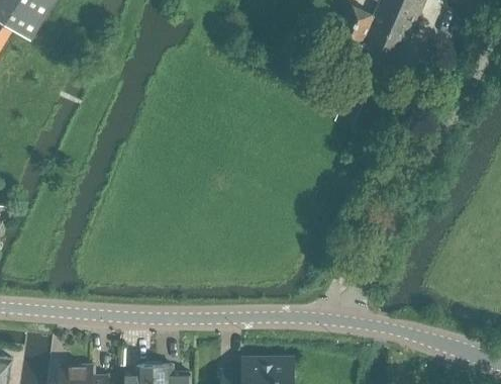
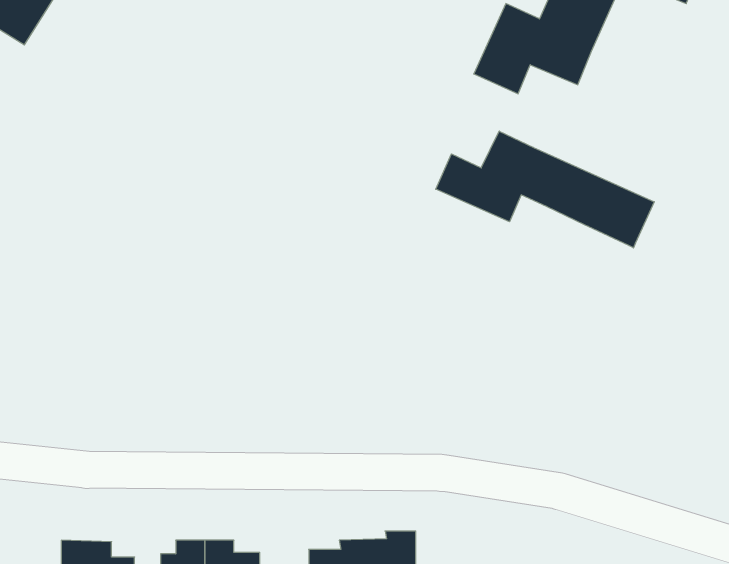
building: none -> [436,131,654,248]

